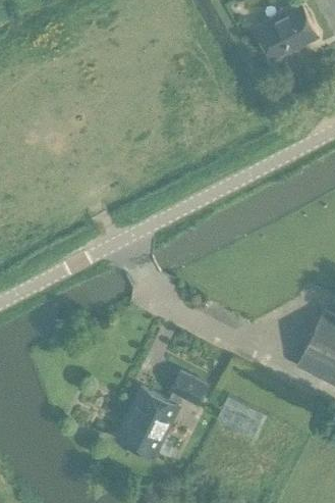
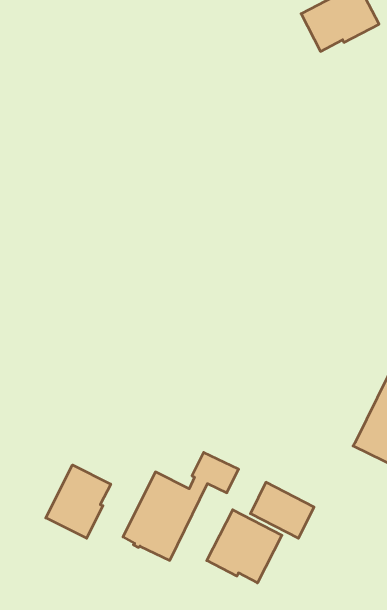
building: none -> [46,465,111,538]
building: none -> [207,510,282,583]

